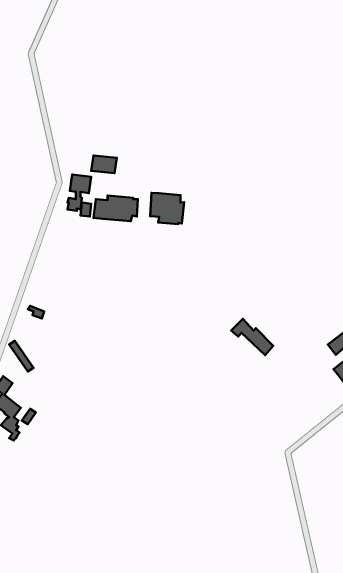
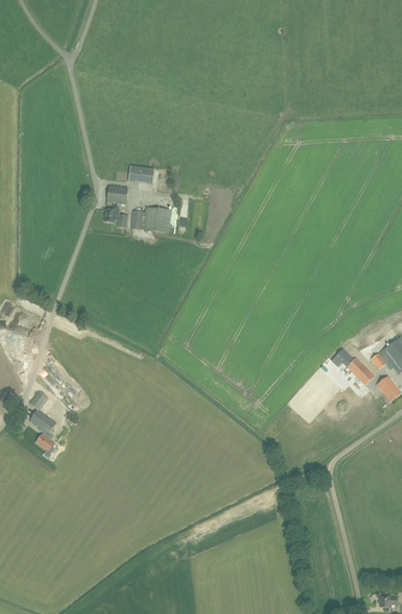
building: [150,193,184,224] -> none
building: [231,319,273,355] -> [331,347,374,384]

